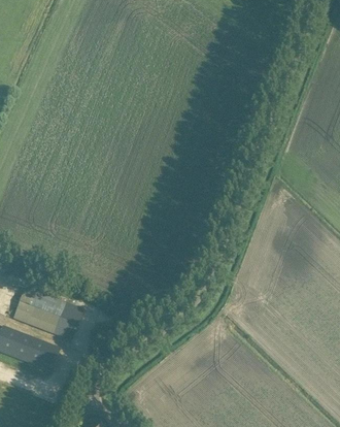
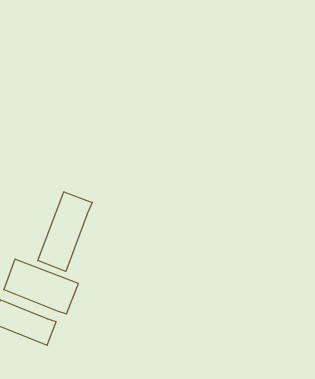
building: none -> [38,192,92,271]

